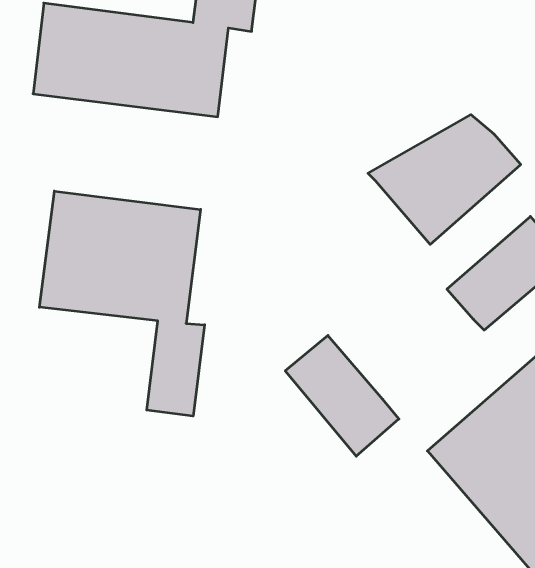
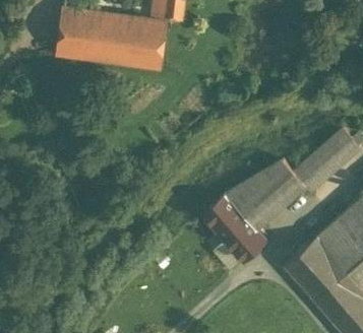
building: [368,115,521,244] -> [221,159,308,234]
building: [39,191,205,416] -> none

